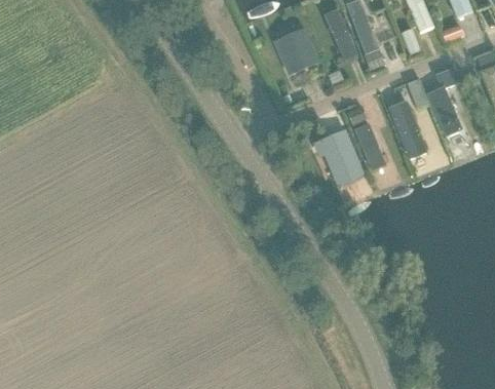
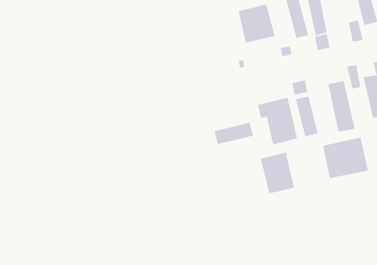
building: none -> [322,137,368,179]
building: none -> [214,122,254,145]
building: none -> [260,152,294,194]

